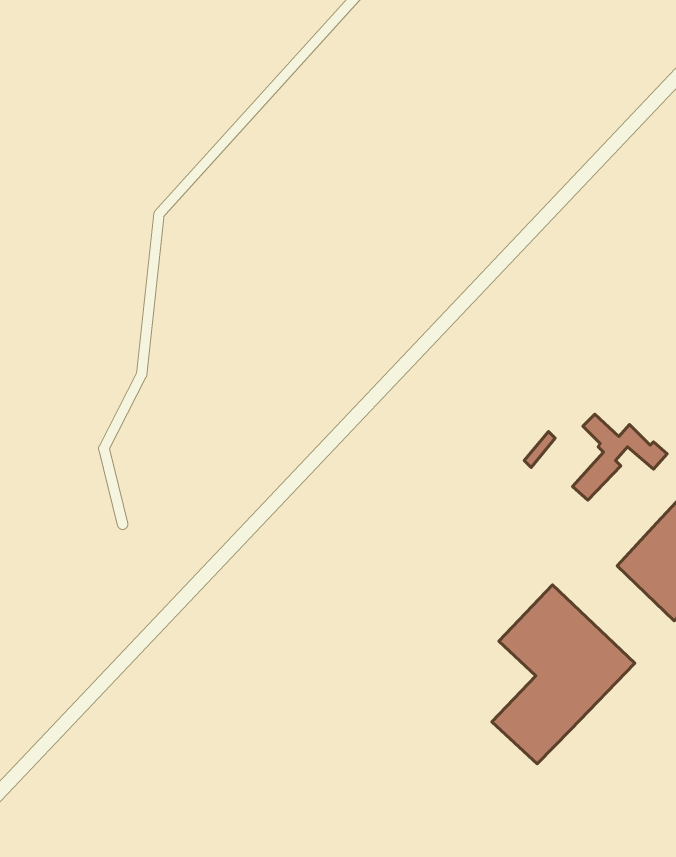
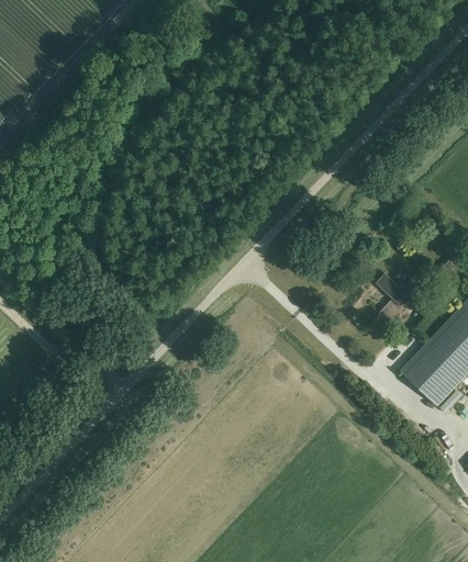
building: [492,585,635,764] -> none

